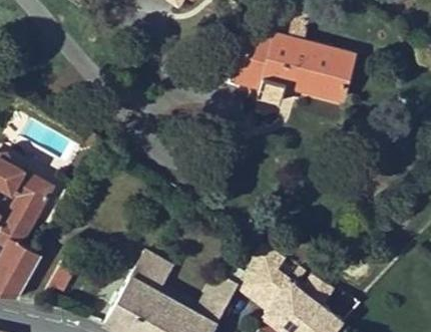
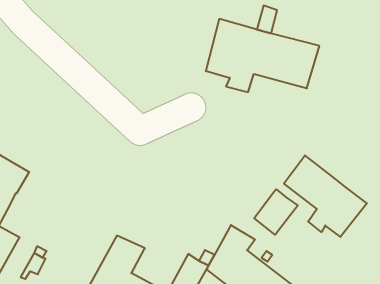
building: none -> [284,155,367,237]
building: none -> [254,189,298,235]

